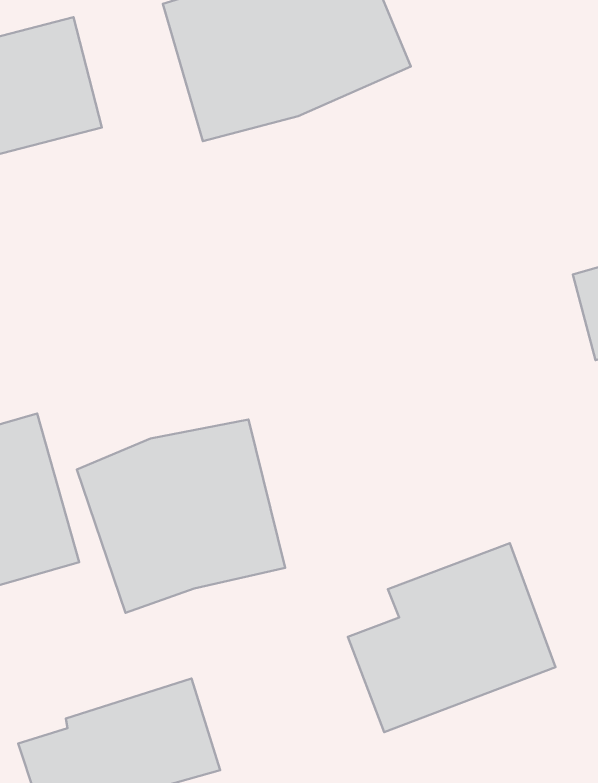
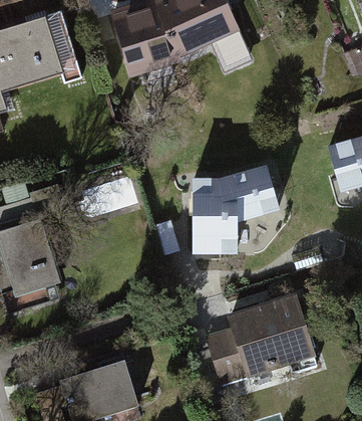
building: none -> [192,165,280,255]
building: [77,419,285,613] -> none

